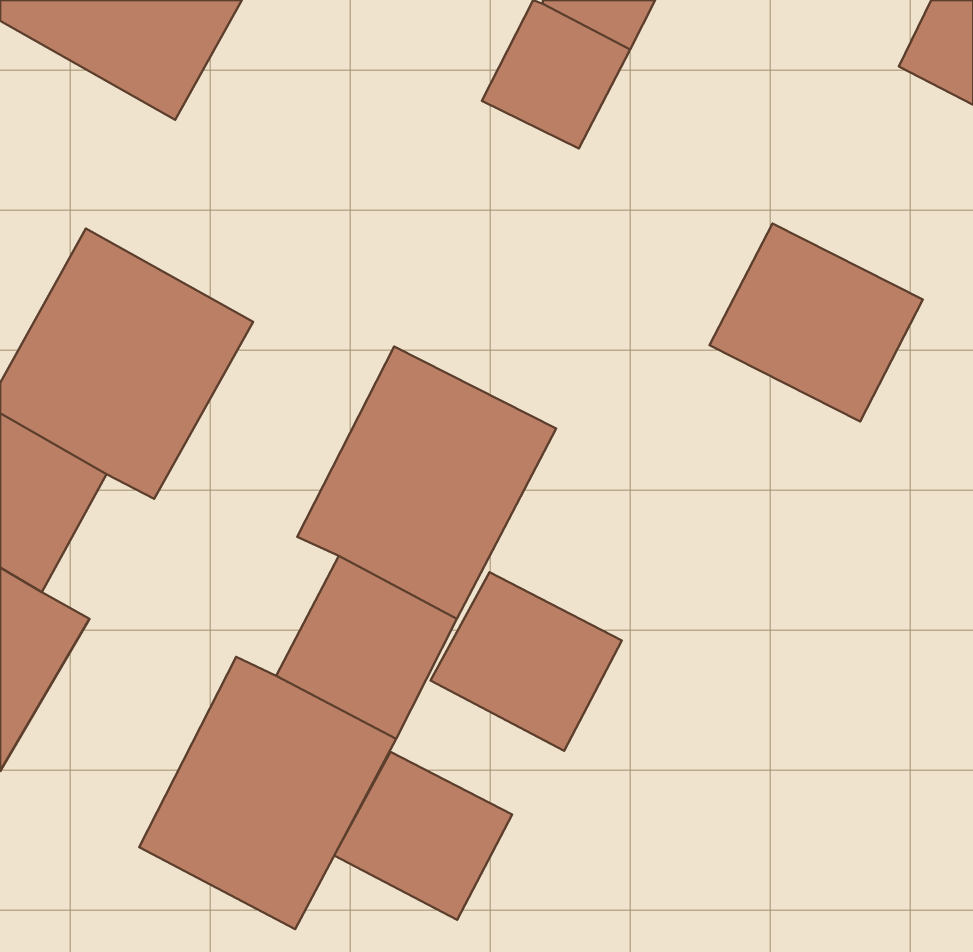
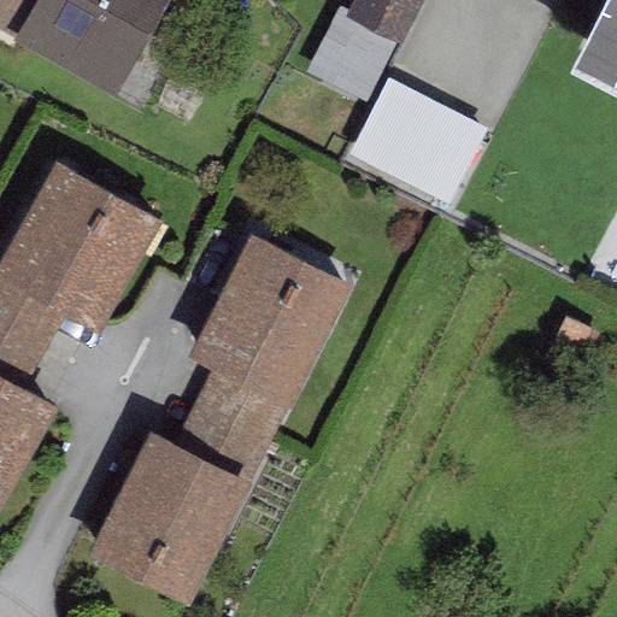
building: [710,223,923,421] -> [354,88,489,213]
building: [431,572,622,751] -> none
building: [334,752,512,920] -> none

